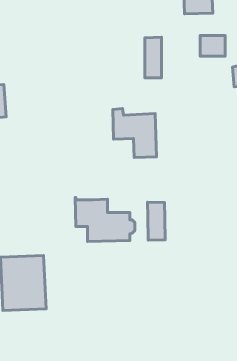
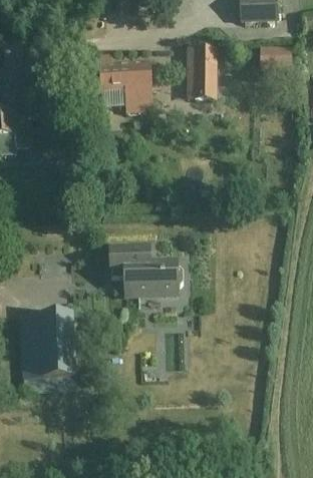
building: [113,109,157,158] -> [99,54,152,113]
building: [147,202,165,240] -> none

